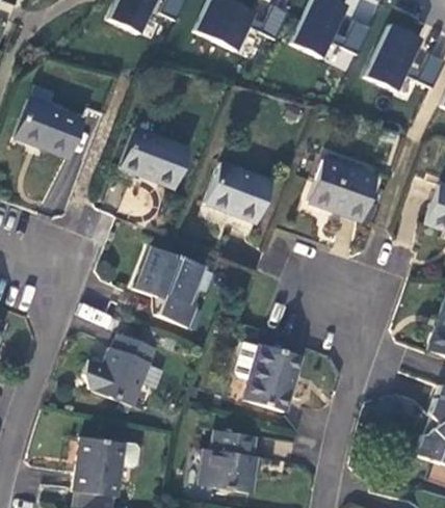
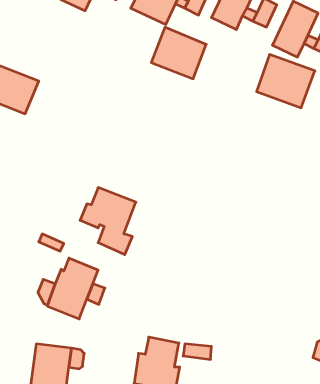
building: [120,128,189,188] -> none
building: [308,157,378,221] -> [257,55,315,108]
building: [206,160,272,222] -> [151,27,206,79]
building: [241,344,303,410] -> none

